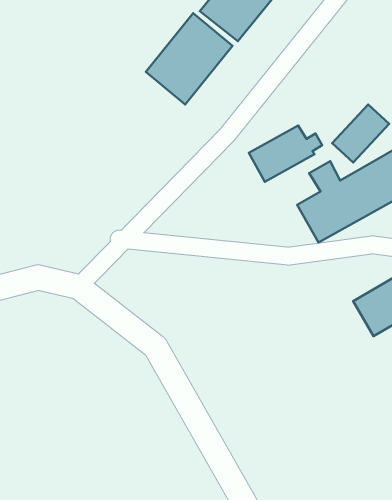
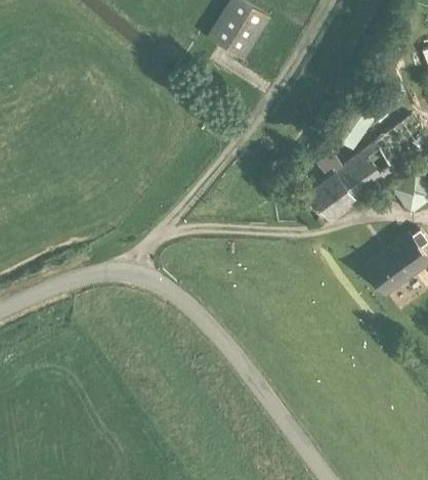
building: [146,13,232,104] -> none
building: [249,125,322,182] -> none

